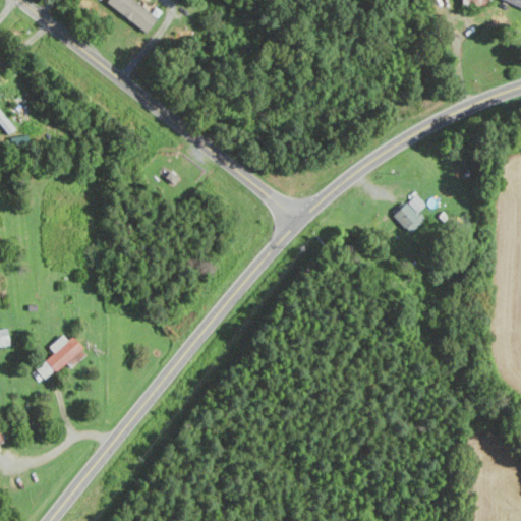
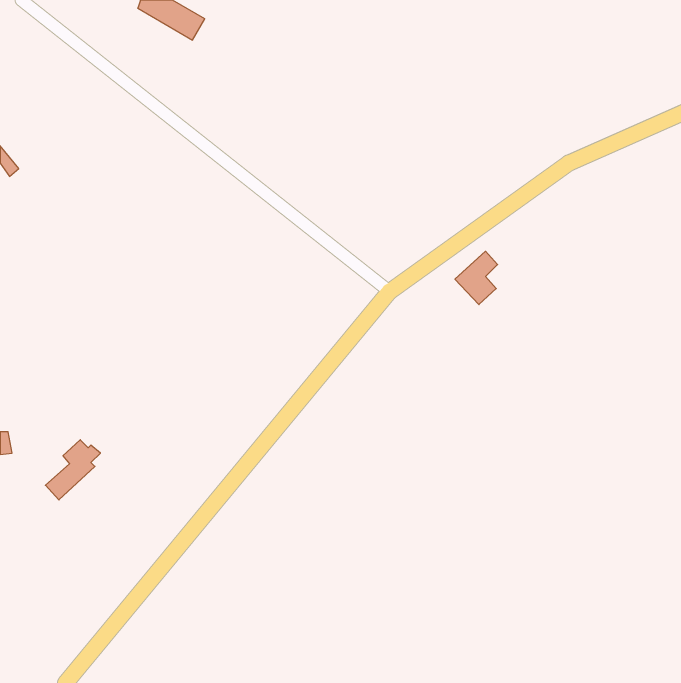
building: [394,194,426,235] -> [455,251,498,305]

